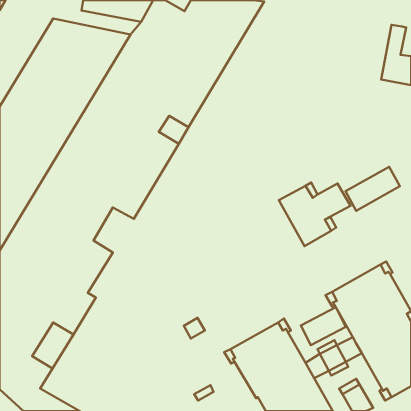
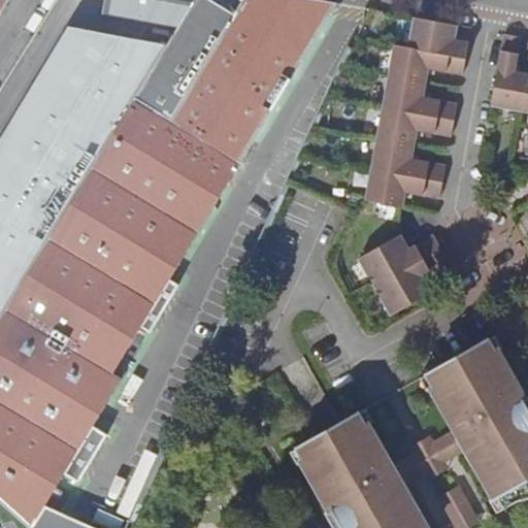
building: none -> [364,15,468,205]
building: [346,167,400,211] -> none
building: none -> [120,266,171,324]
building: [301,307,346,345] -> none

